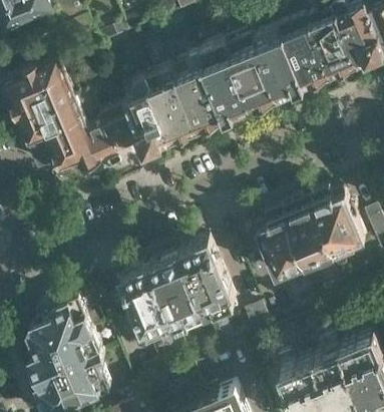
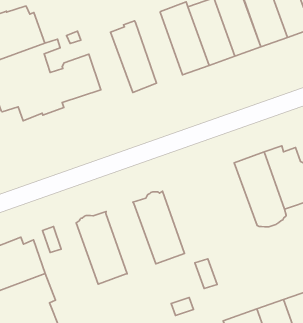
building: [171,57,223,130] -> none
building: [119,78,172,152] -> none
building: [254,209,308,284] -> none
building: [151,256,207,331] -> none

